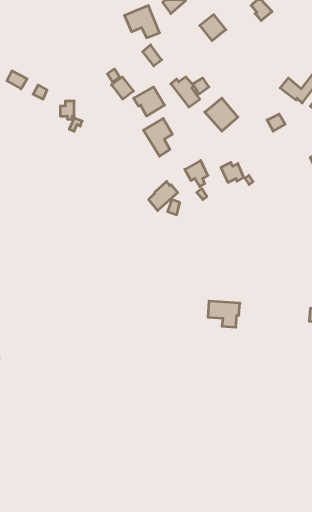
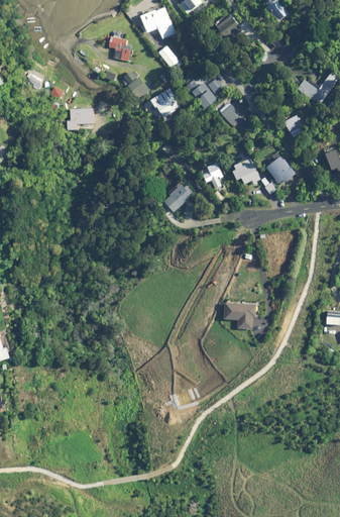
building: none -> [108,30,129,61]
building: [143,118,172,156] -> none
building: none -> [265,152,295,183]

